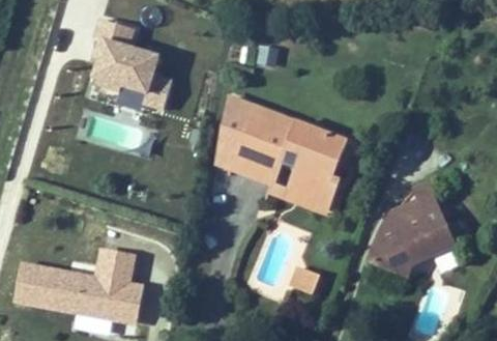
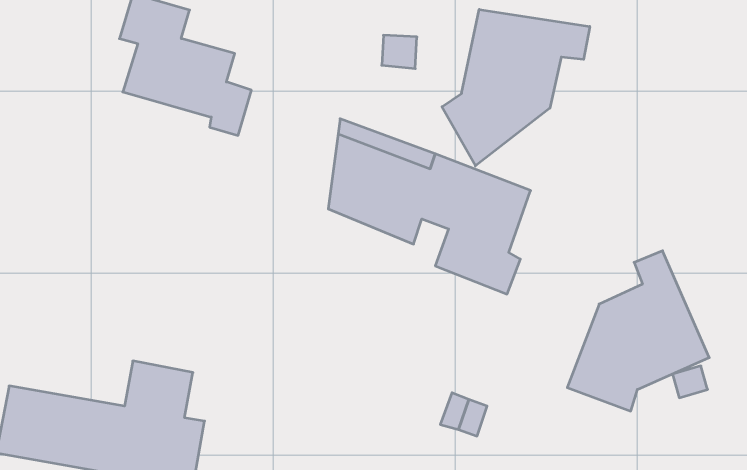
building: none -> [442,9,590,166]
building: [217,151,330,214] -> none

